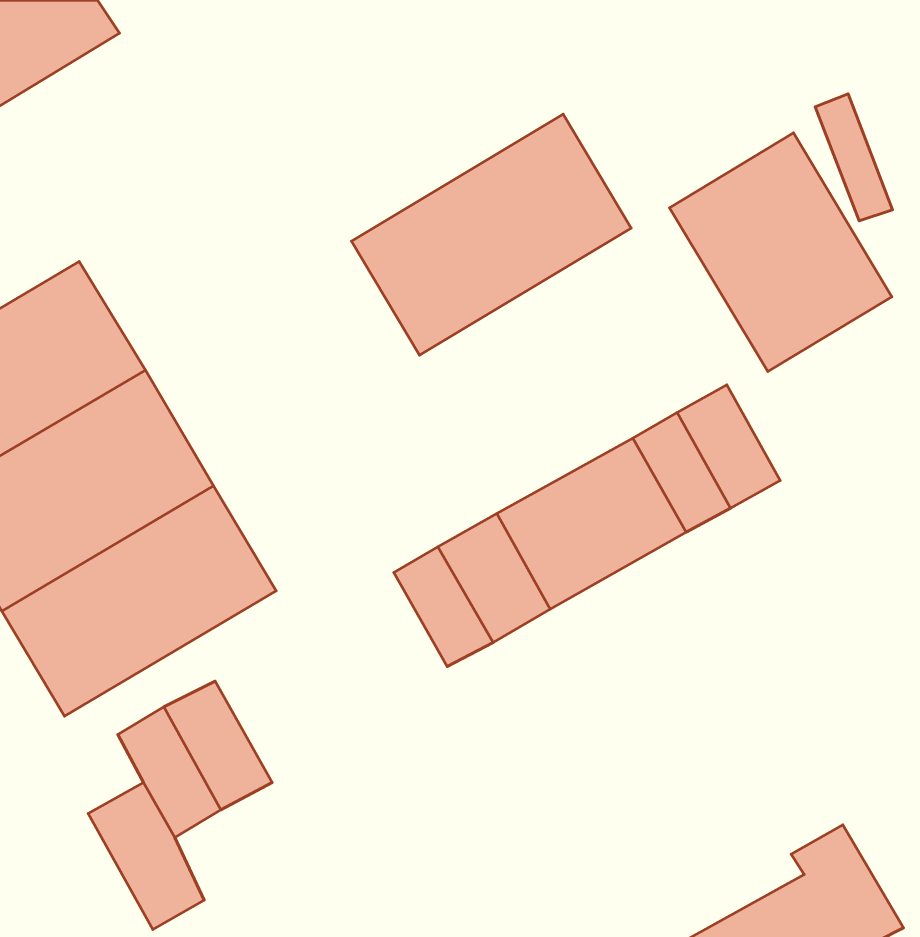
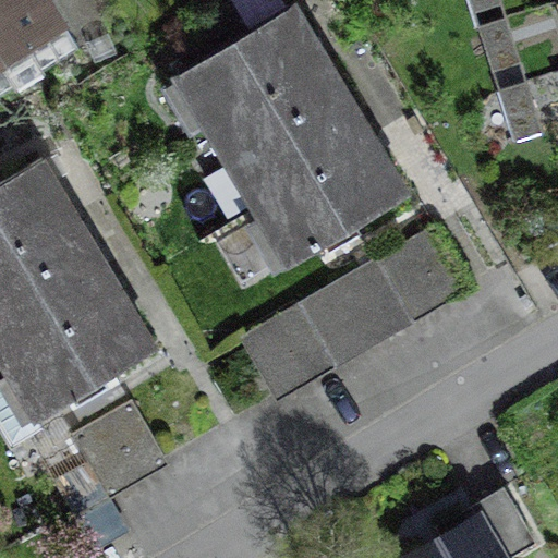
building: none -> [170,7,333,145]
building: [669,133,892,372] -> none
building: none -> [248,137,409,268]

